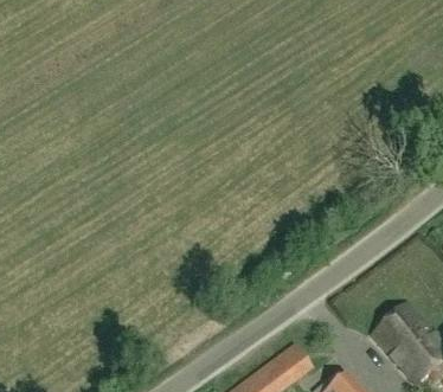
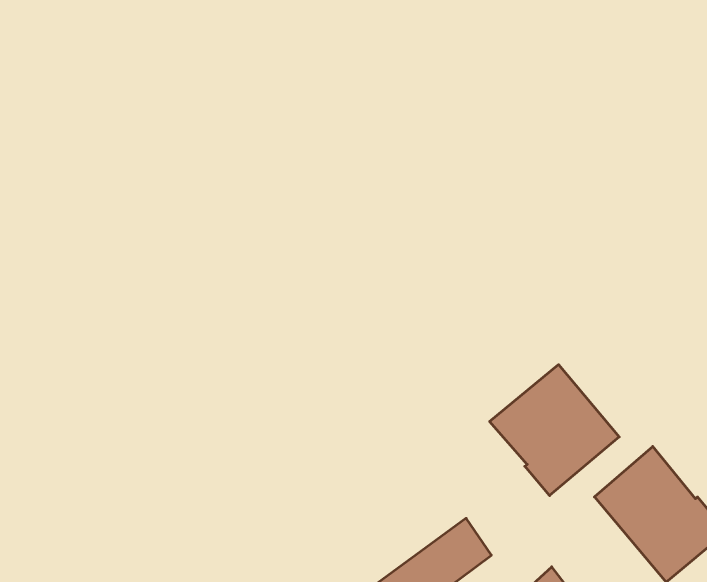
building: none -> [490,365,619,496]

